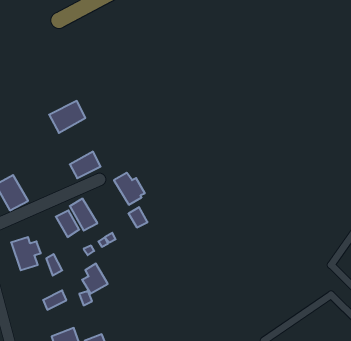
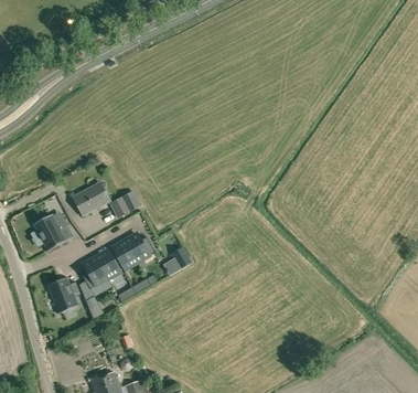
building: [49,101,85,133] -> [72,182,109,215]
building: [114,173,145,205] -> [122,231,154,264]
building: [82,264,108,294] -> [81,257,107,288]

